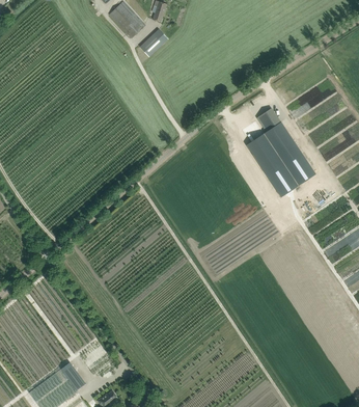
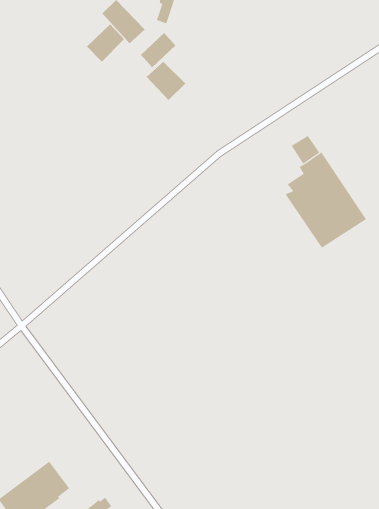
building: none -> [86,23,125,62]
building: none -> [146,61,186,101]

